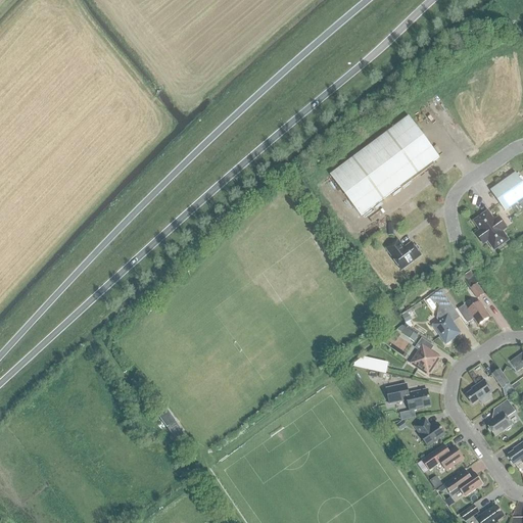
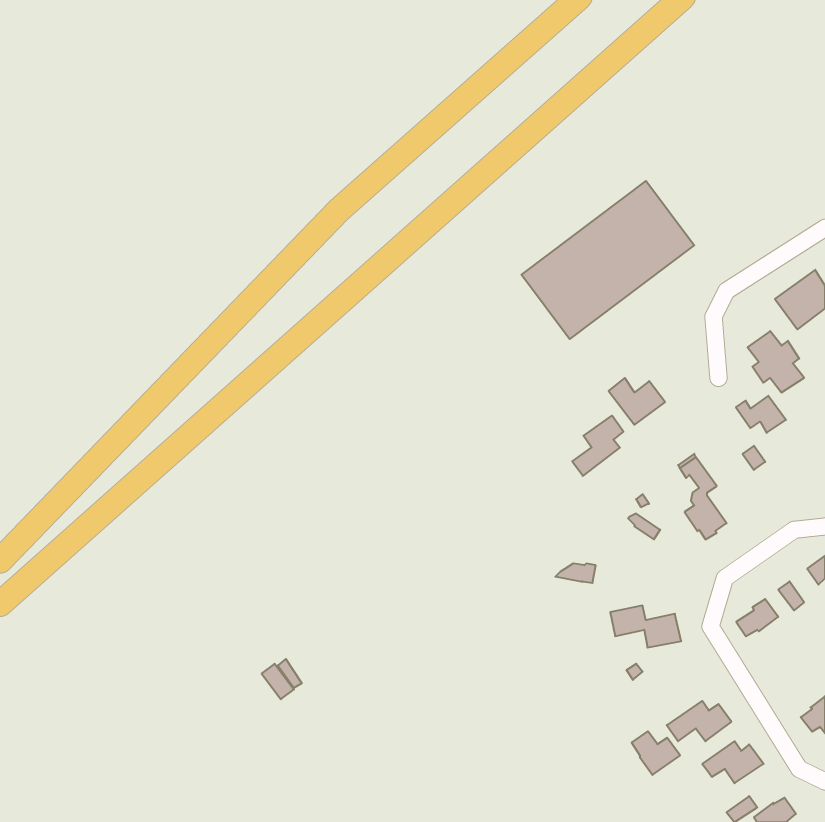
building: none -> [572,416,623,476]
building: [459,300,490,324] -> [736,396,786,433]
building: [411,337,440,373] -> none
building: [487,398,515,434] -> none
building: [415,418,445,445] -> [632,731,680,775]

